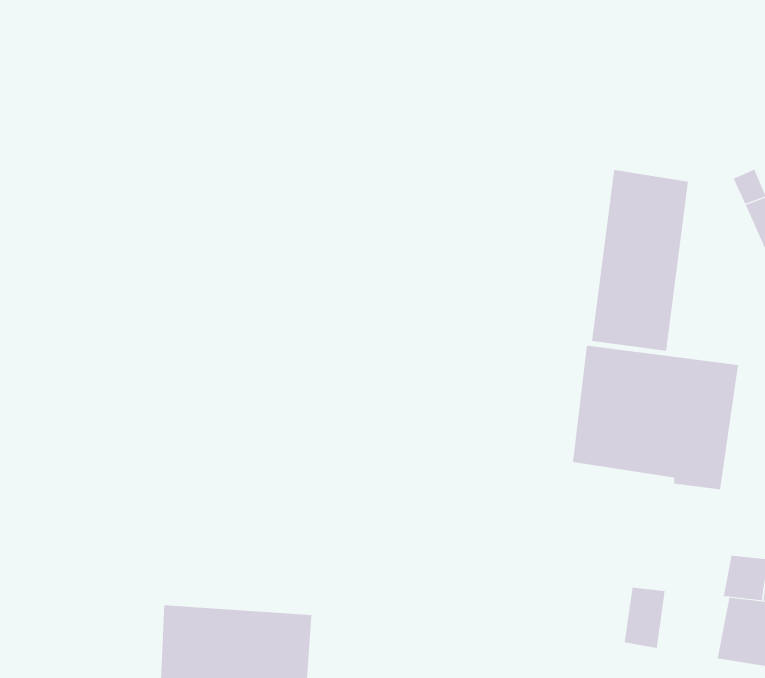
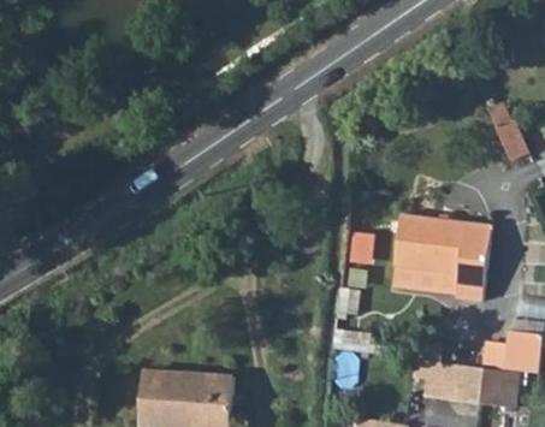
building: [591,169,689,351] -> none
building: none -> [443,361,486,402]

